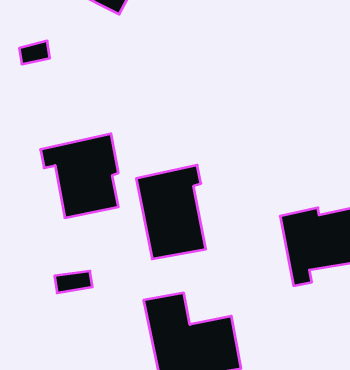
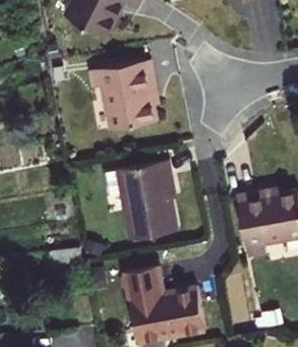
building: [40,134,118,218] -> [90,58,155,128]

